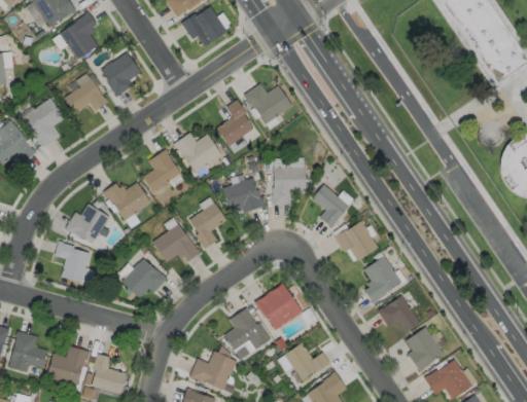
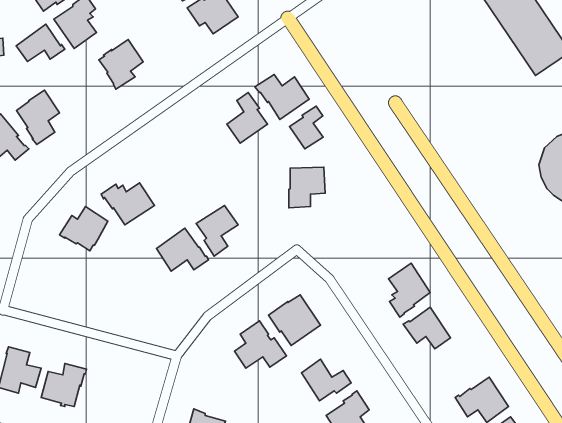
building: [64,78,108,112] -> [16,24,65,62]
building: none -> [289,106,323,149]
building: [172,133,221,173] -> none
building: [142,149,180,192] -> none
building: [222,178,265,213] -> none
building: [312,184,349,227] -> none
building: [335,220,379,261] -> none
building: [55,241,90,282] -> none
building: [121,258,167,298] -> none
building: [406,327,444,372] -> none
building: [188,345,236,394] -> none
building: [92,354,127,394] -> none

